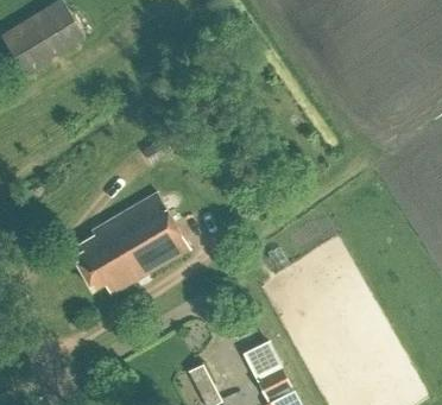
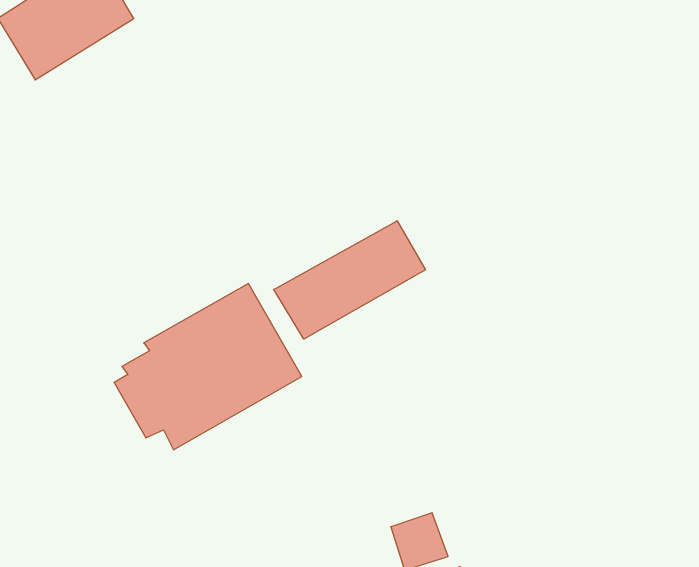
building: none -> [274,221,425,339]

